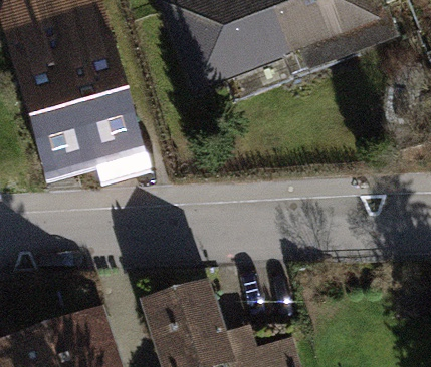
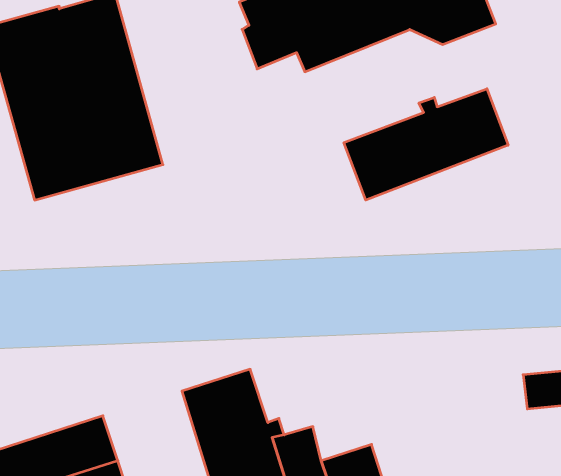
building: none -> [344,89,508,200]

